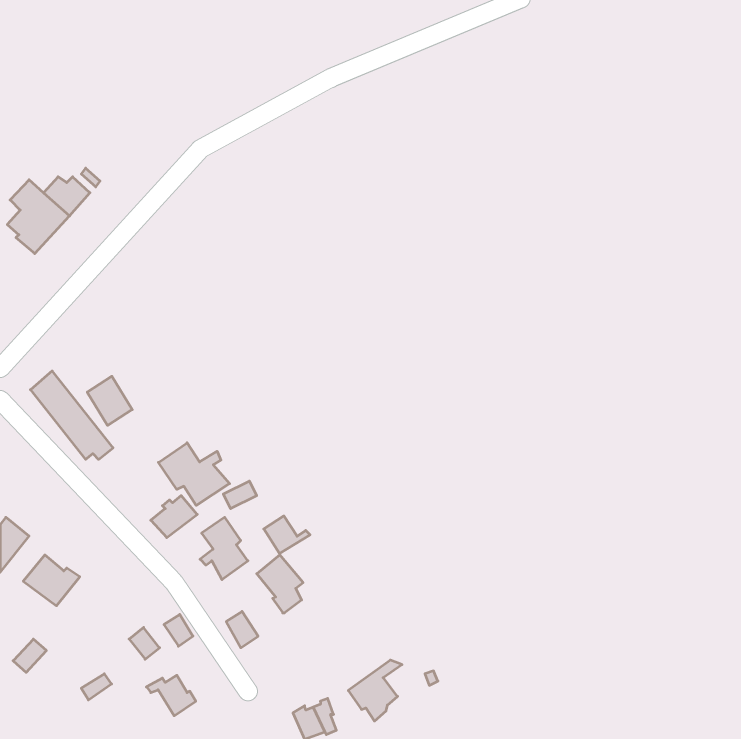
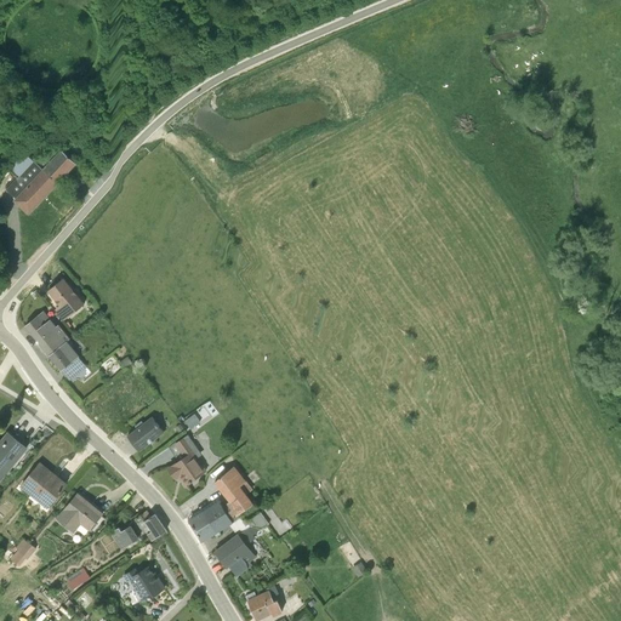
building: [87,376,132,425] -> [47,279,85,320]
building: [158,443,230,505] -> none
building: [264,516,310,554] -> [203,501,241,532]
building: none -> [57,492,102,532]
building: [348,660,402,721] -> [215,525,260,576]

